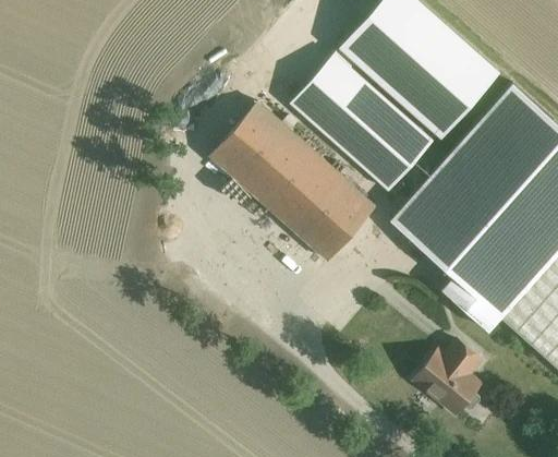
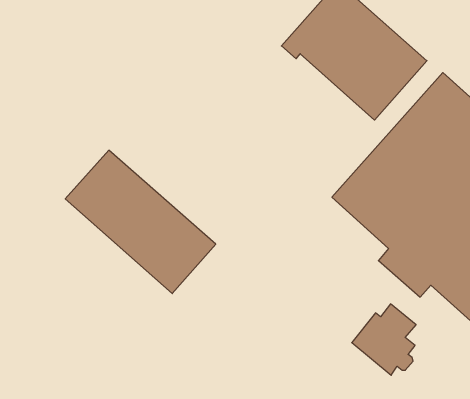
building: [290,53,433,192] -> none
building: [210,103,376,261] -> [65,150,216,294]

